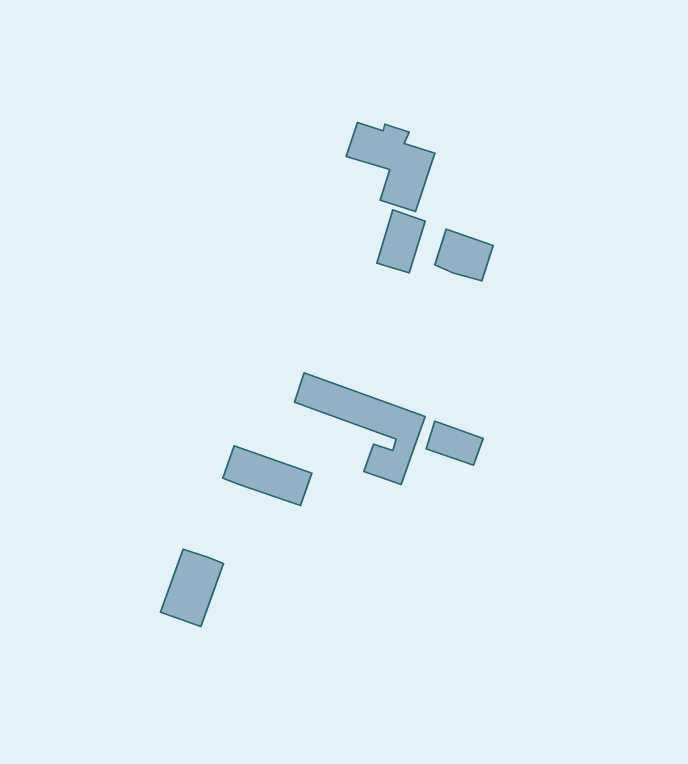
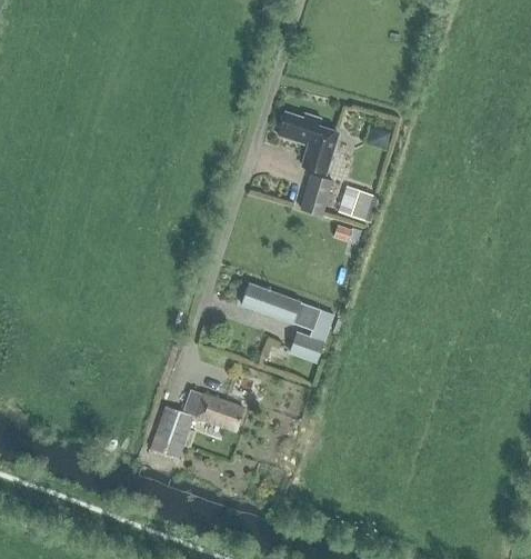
building: [426,421,483,465] -> none
building: [223,446,312,506] -> [183,389,244,430]

